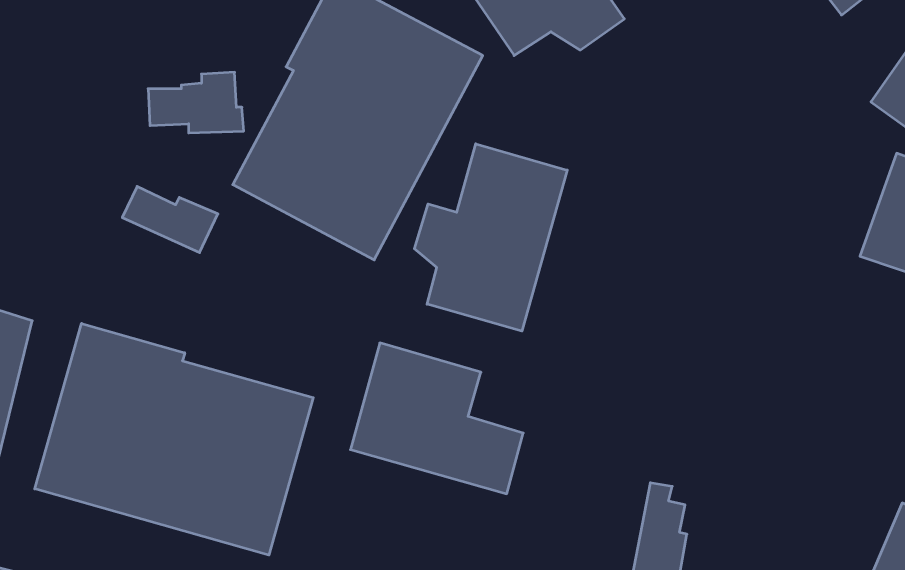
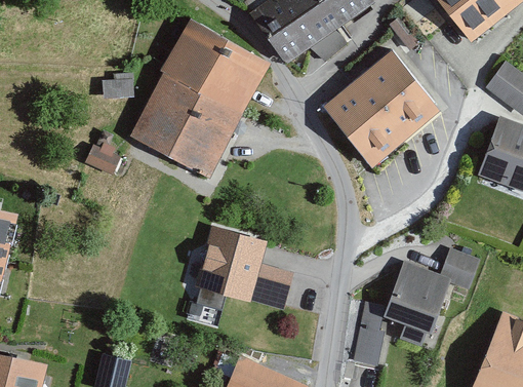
building: none -> [325,50,443,166]
building: [414,144,567,331] -> none
building: [35,323,313,555] -> none
building: none -> [385,250,480,346]

